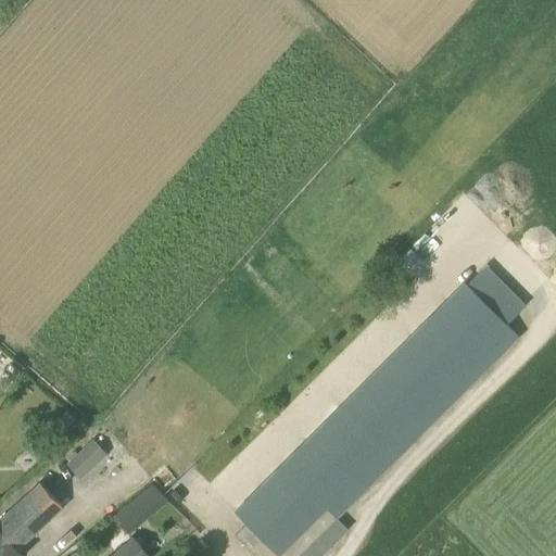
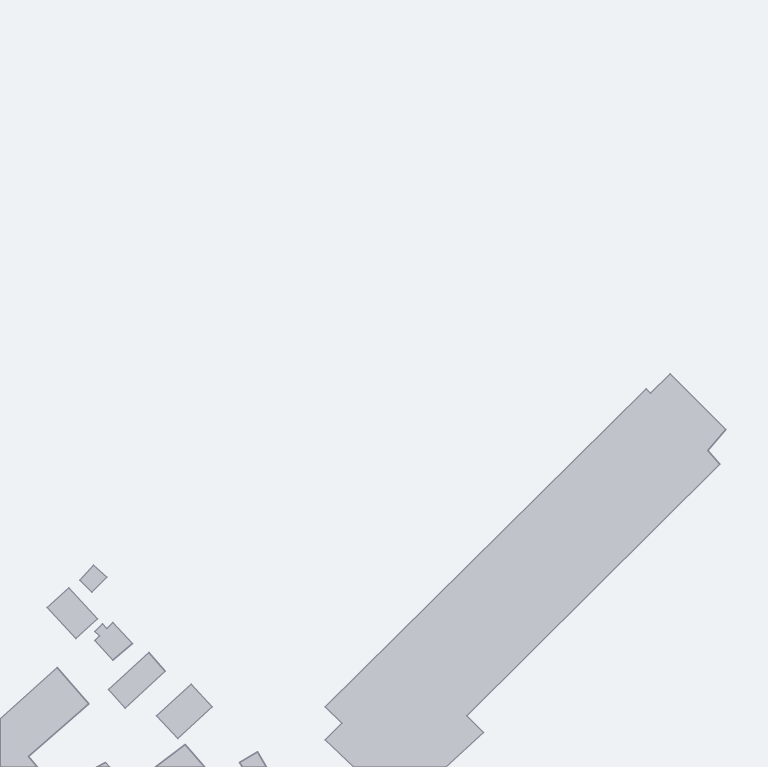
building: none -> [47,588,98,639]
building: none -> [108,653,165,708]

